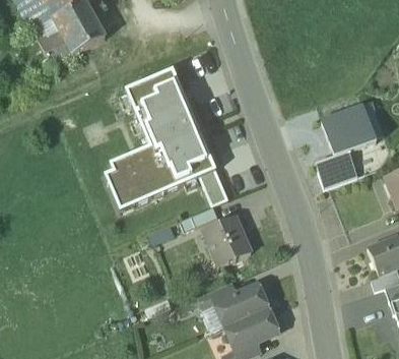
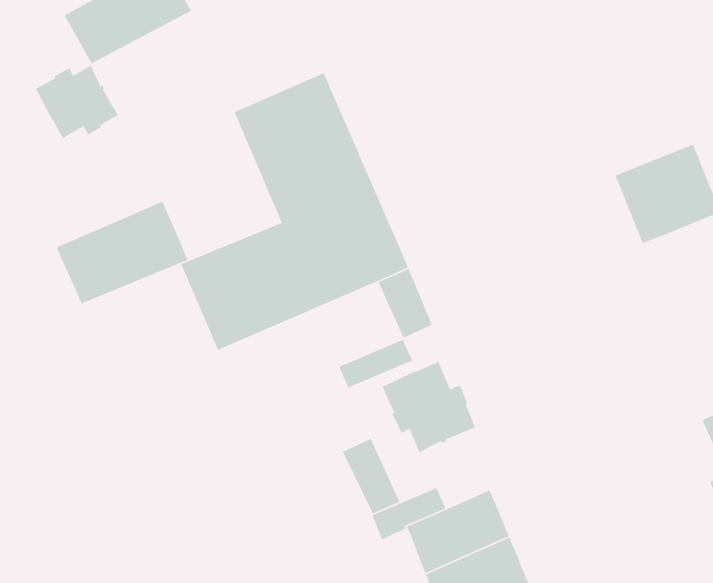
building: none -> [35,64,119,139]
building: none -> [57,200,189,305]
building: [316,152,358,188] -> none
building: none -> [342,438,401,514]

